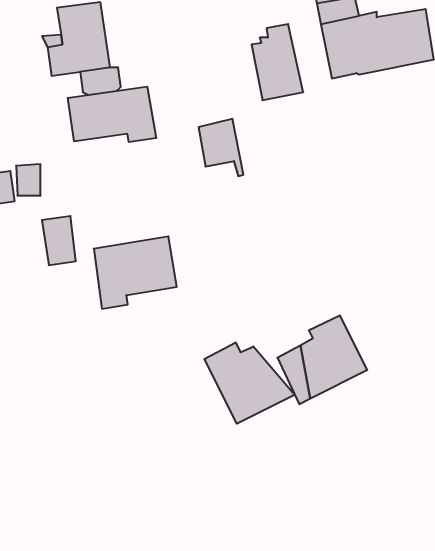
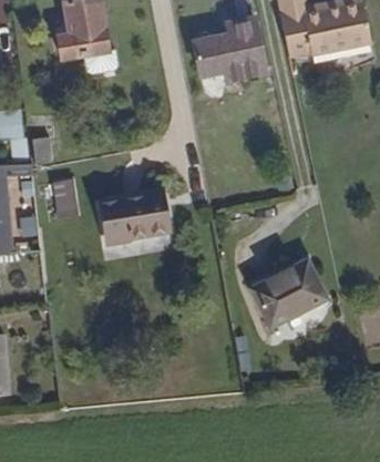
building: [68,87,156,142] -> none
building: [199,119,243,176] -> [197,37,234,83]
building: [204,342,295,424] -> none

